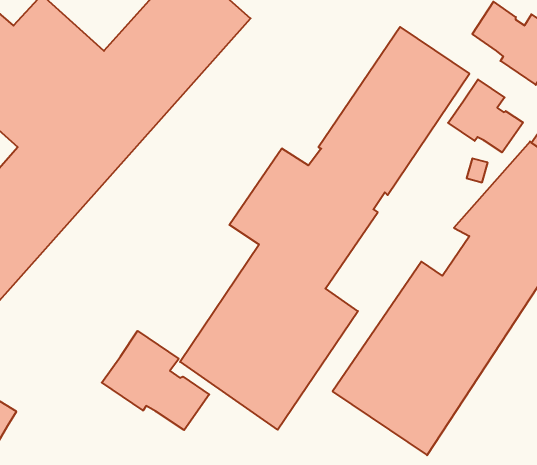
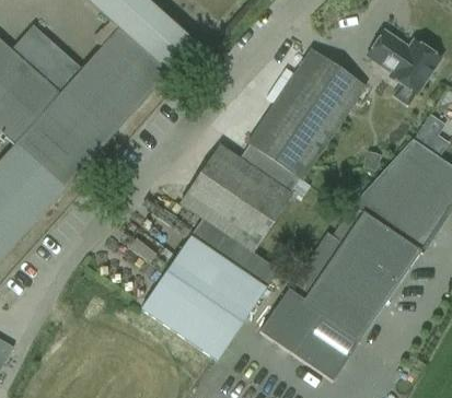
building: [448,79,523,152] -> none
building: [102,331,209,430] -> none

